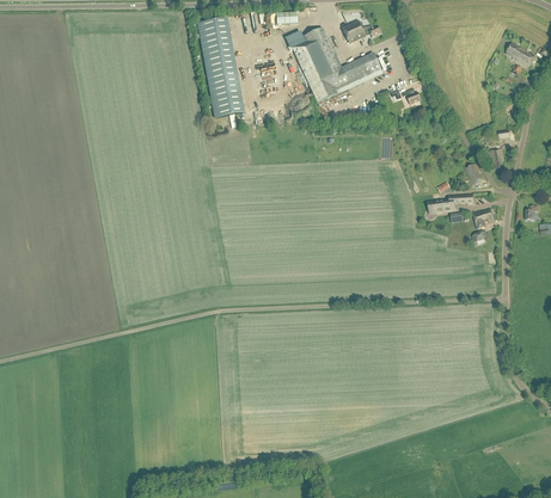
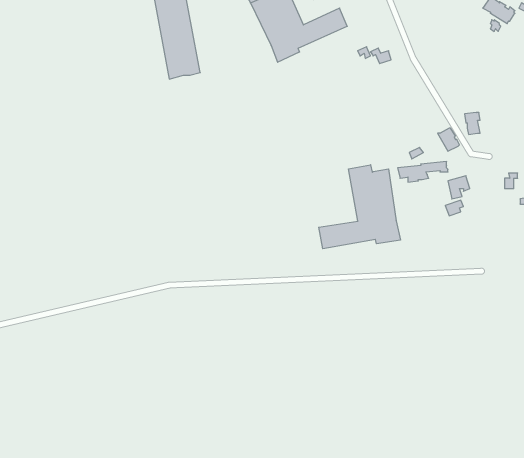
building: none -> [319,165,400,249]

